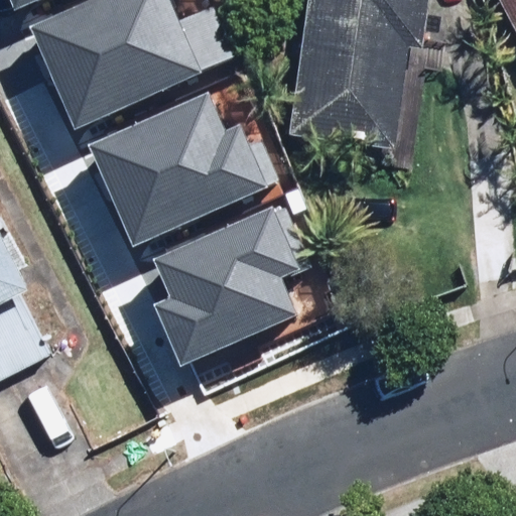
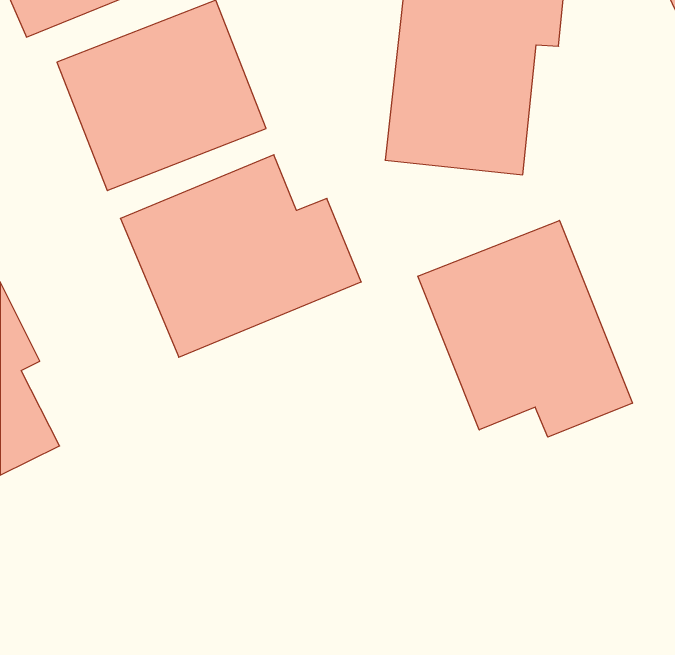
building: none -> [418,220,632,437]
building: [161,232,307,390] -> none

